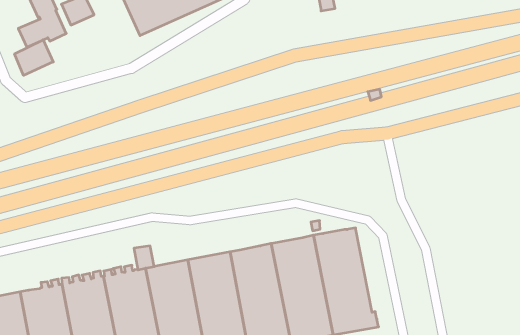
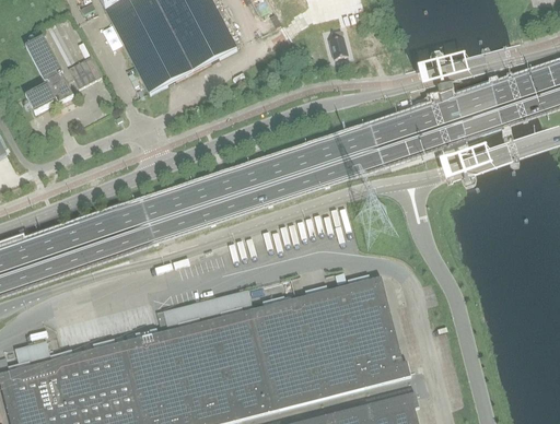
building: [15,40,53,75] -> none

